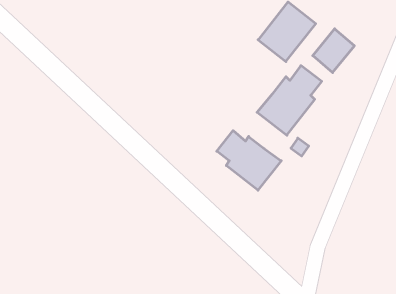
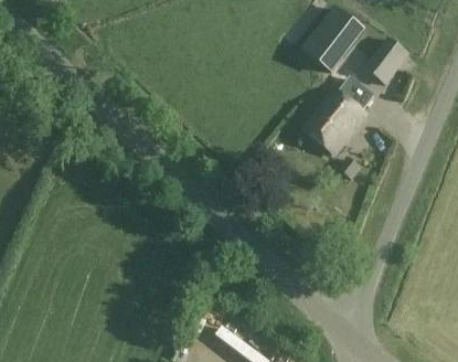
building: [217,131,281,190] -> none

